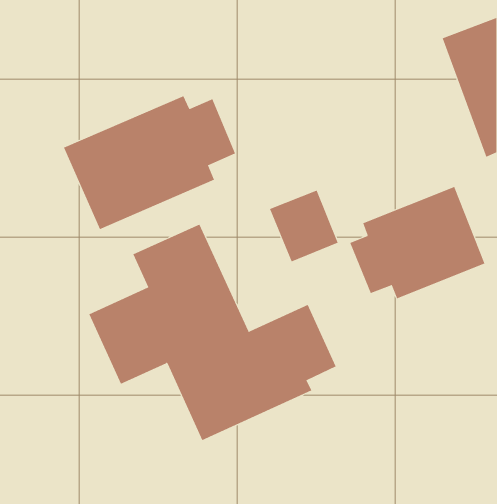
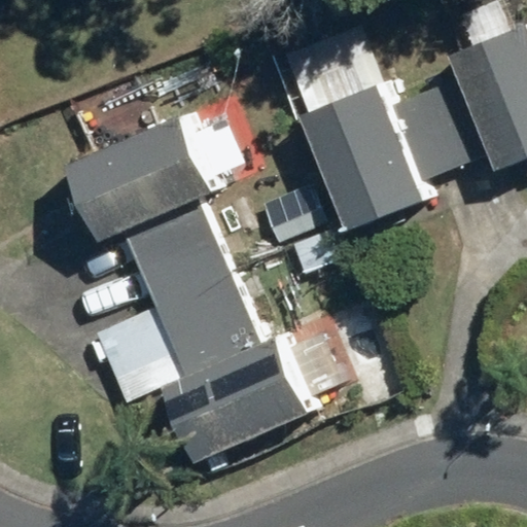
building: none -> [298,61,465,230]
building: [349,186,485,299] -> none

